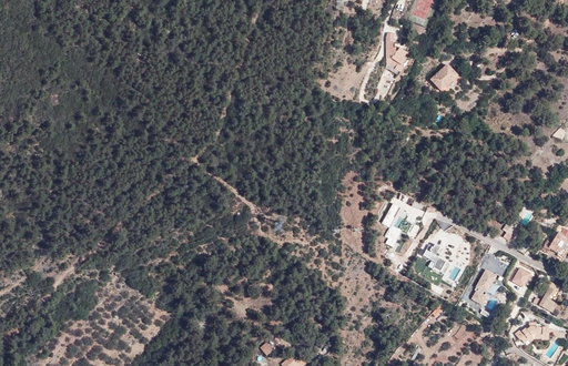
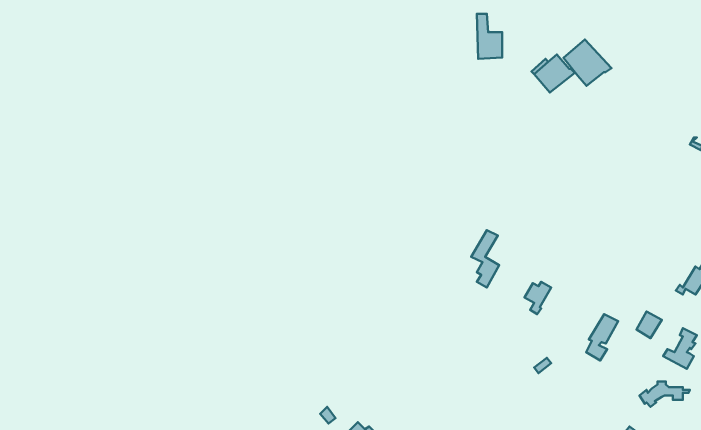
building: none -> [563,39,611,86]

